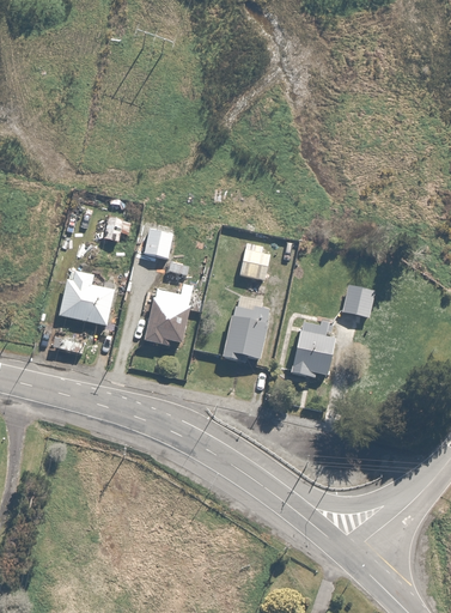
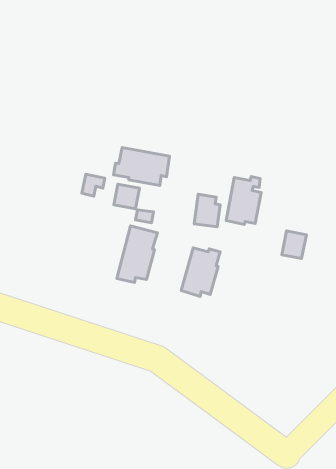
building: none -> [113,147,169,185]
building: [56,269,115,328] -> none
building: [291,321,333,378] -> [226,177,261,224]

